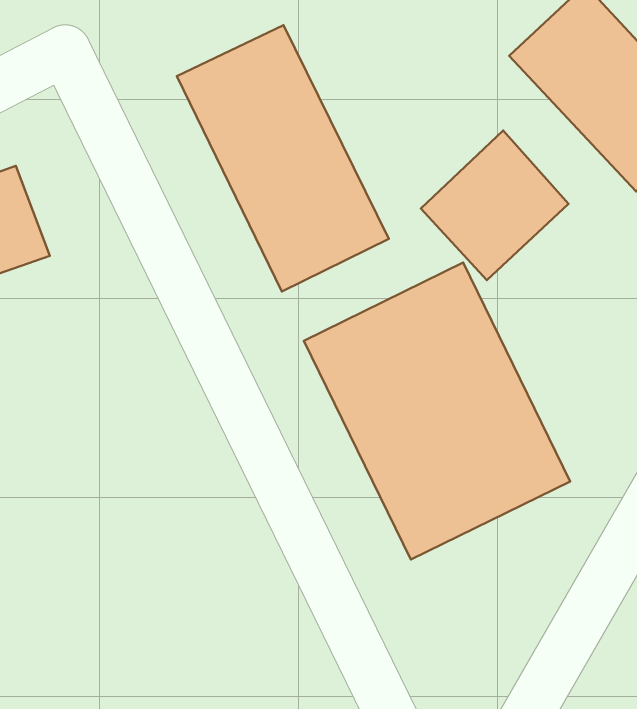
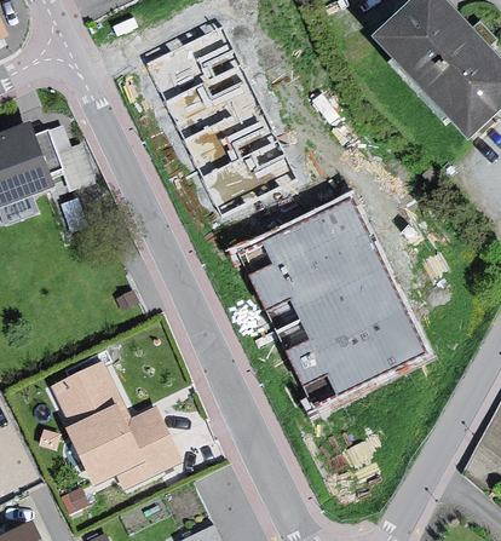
building: [421,131,568,280] -> none
building: none -> [46,353,179,485]

